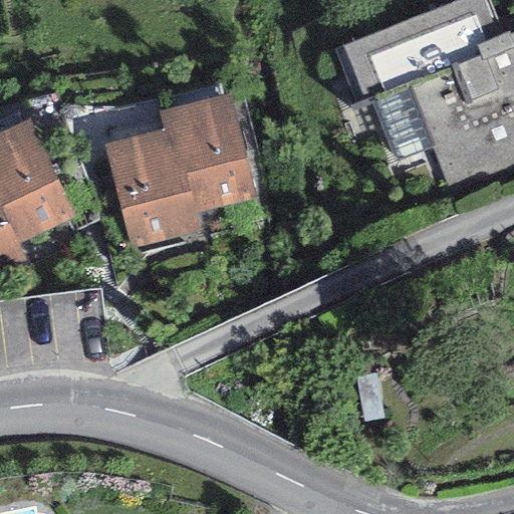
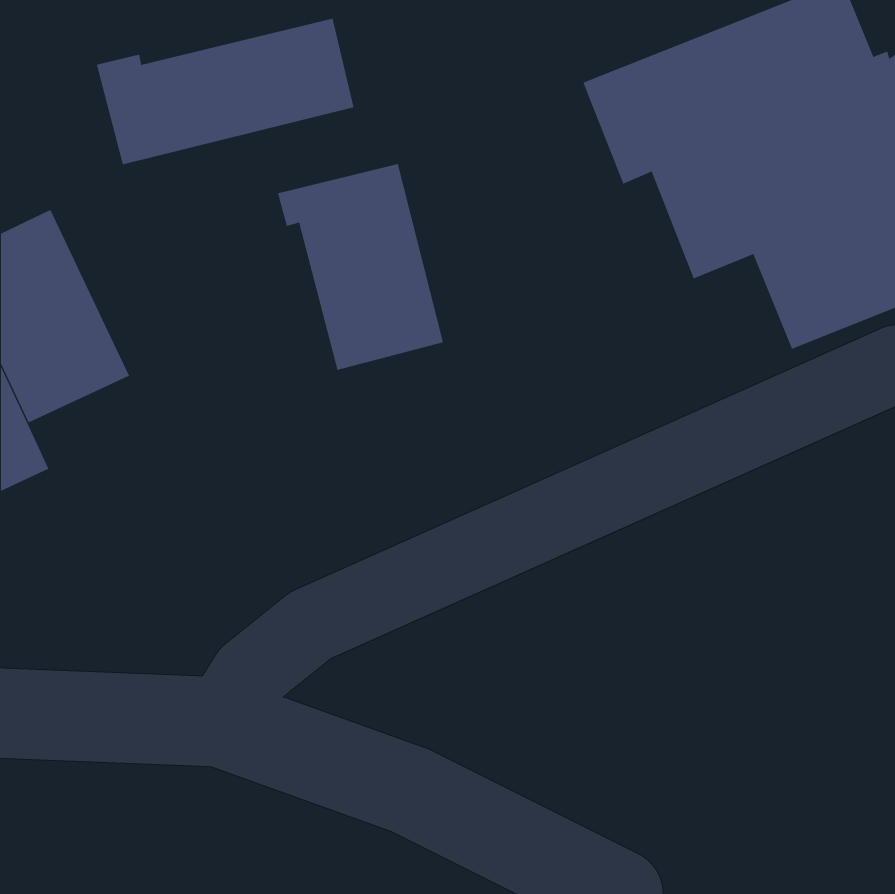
building: none -> [96,18,354,165]
building: [105,127,198,246] -> none

